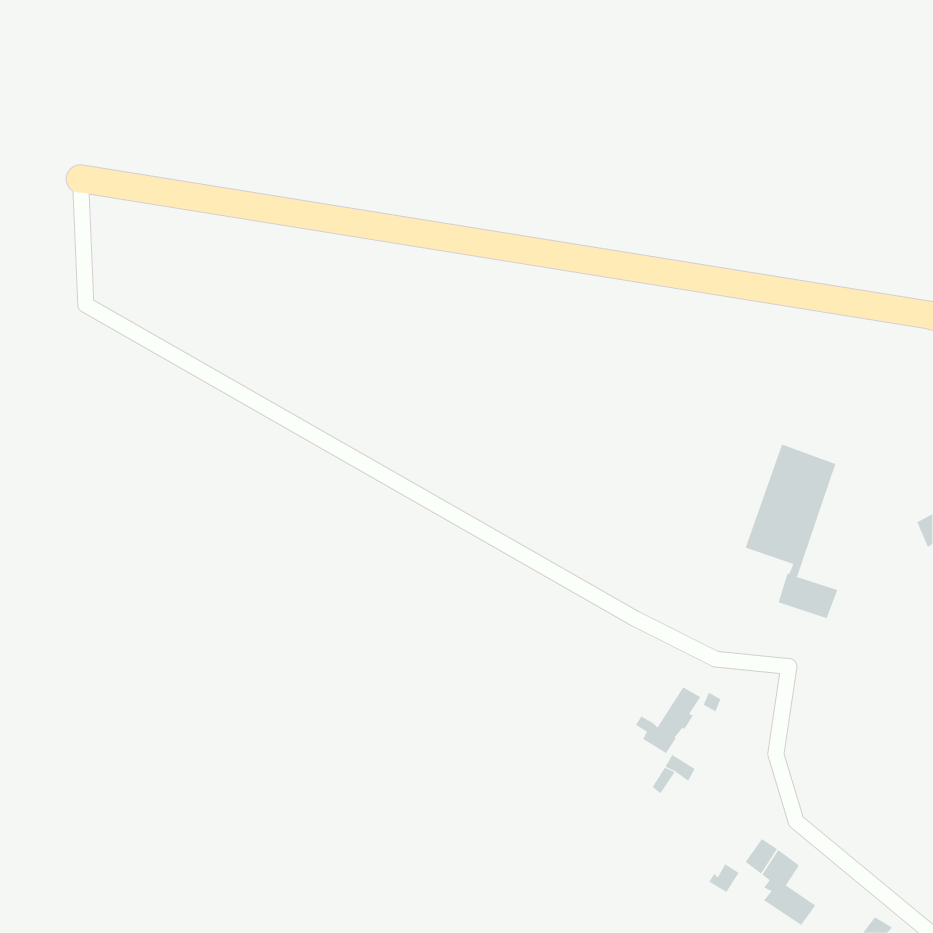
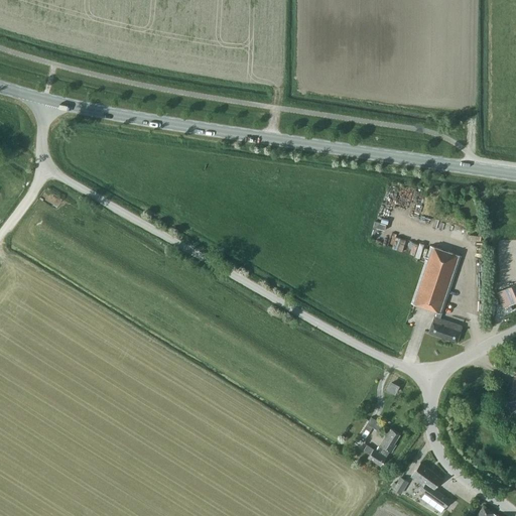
building: [635,686,701,754] -> [364,428,400,466]

